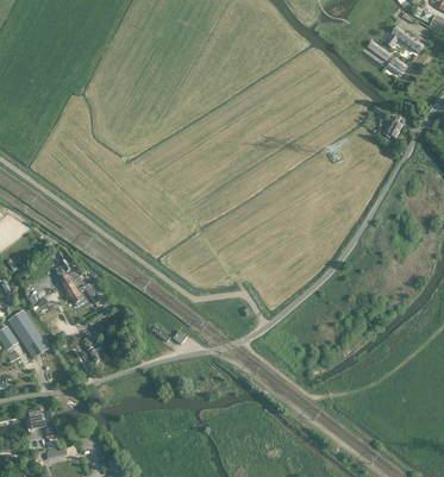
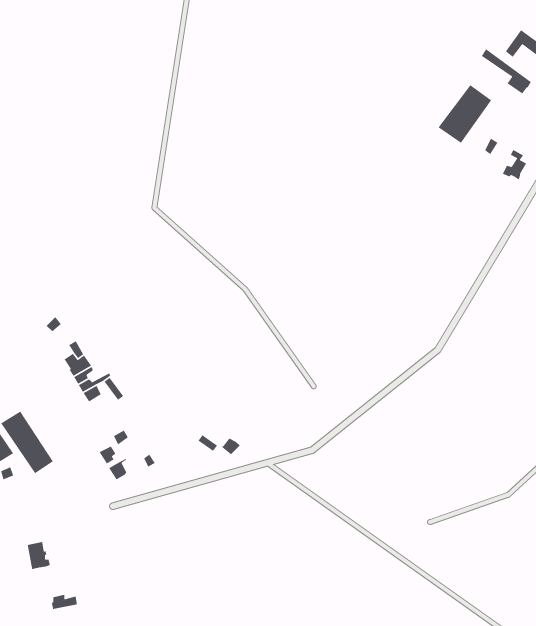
building: none -> [437,84,492,144]

